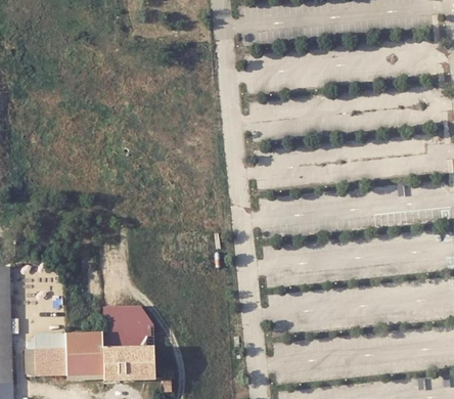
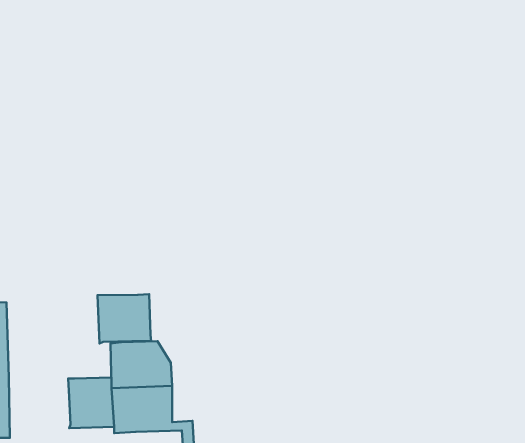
building: none -> [97,294,151,343]
building: [24,331,64,375] -> none

